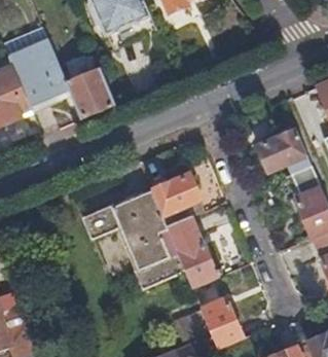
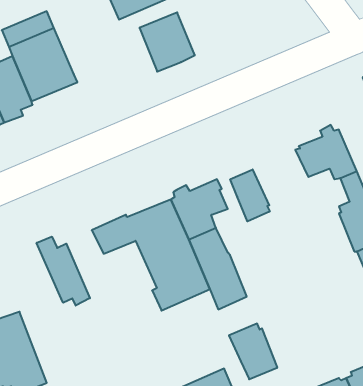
building: [66,68,114,119] -> [139,12,195,72]
building: none -> [230,169,270,221]
building: none -> [37,237,90,306]

